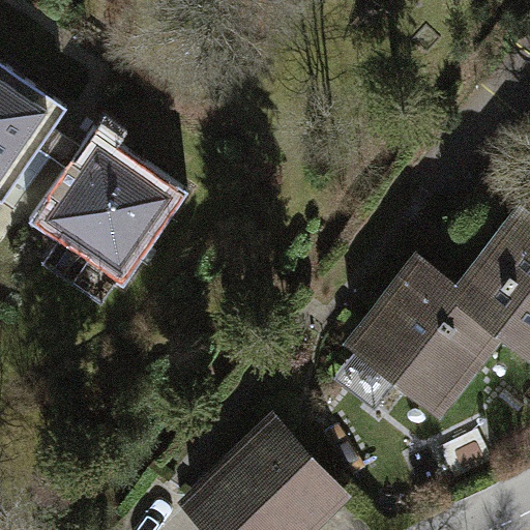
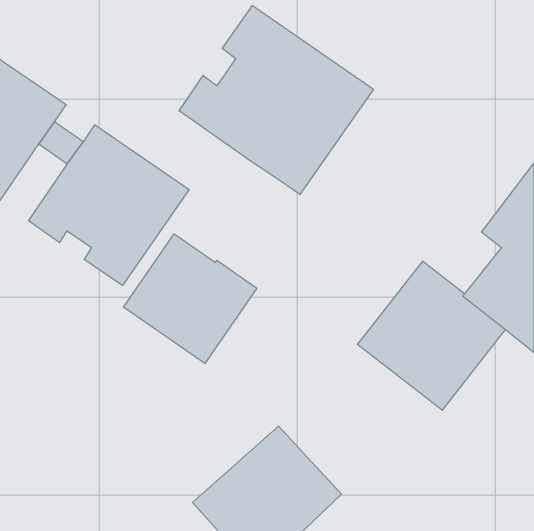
building: none -> [179,6,373,195]
building: none -> [123,234,257,364]

